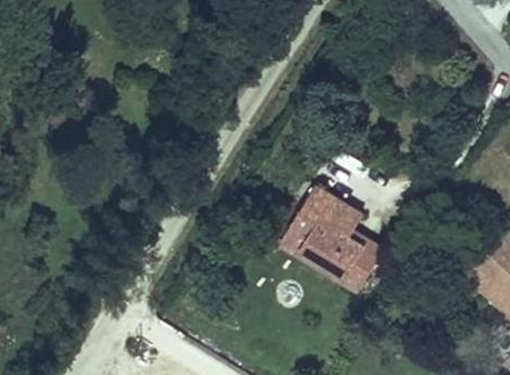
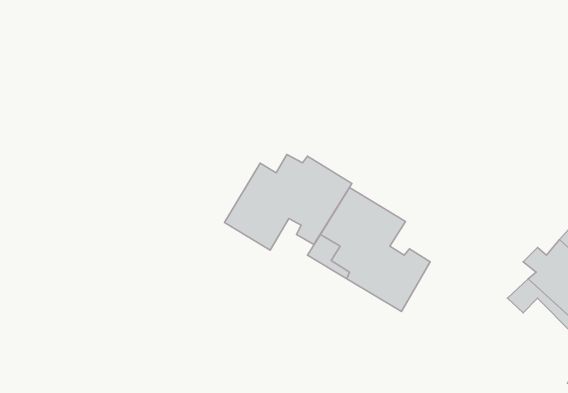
building: none -> [225,154,352,250]

